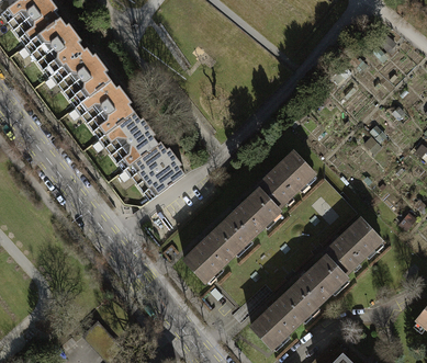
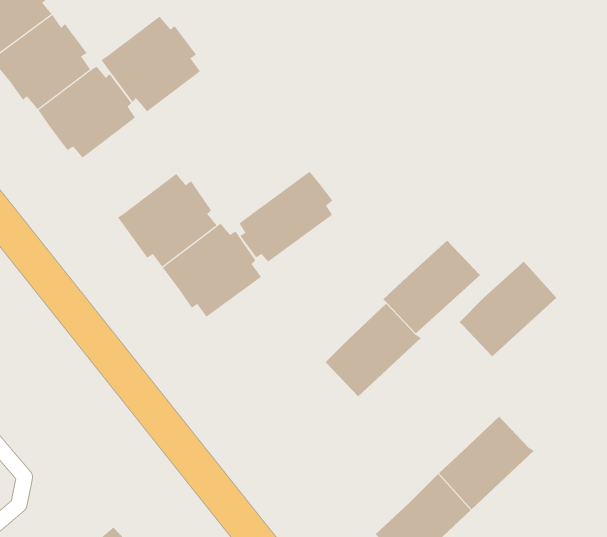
building: [75,80,134,137] -> [101,16,201,112]
building: none -> [239,171,333,262]
building: [323,218,381,275] -> [459,261,557,357]
building: [184,225,241,281] -> none

